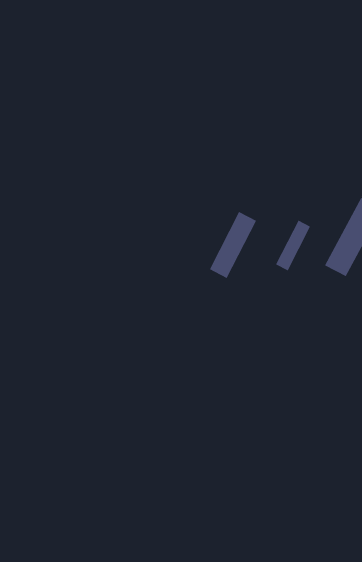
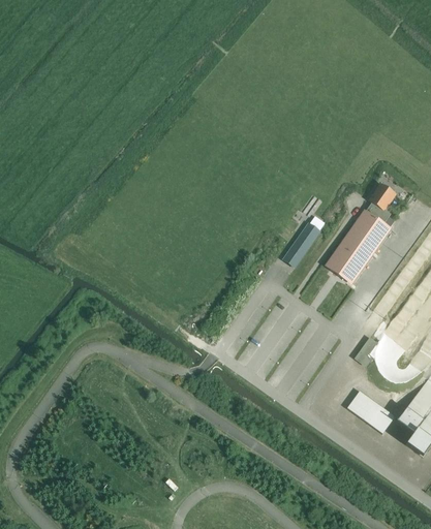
building: [209,211,257,279] -> none

